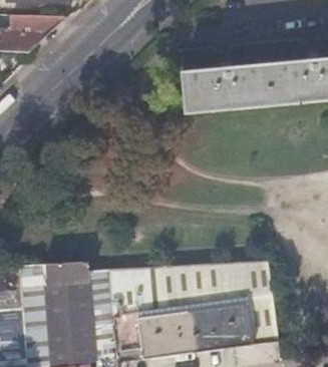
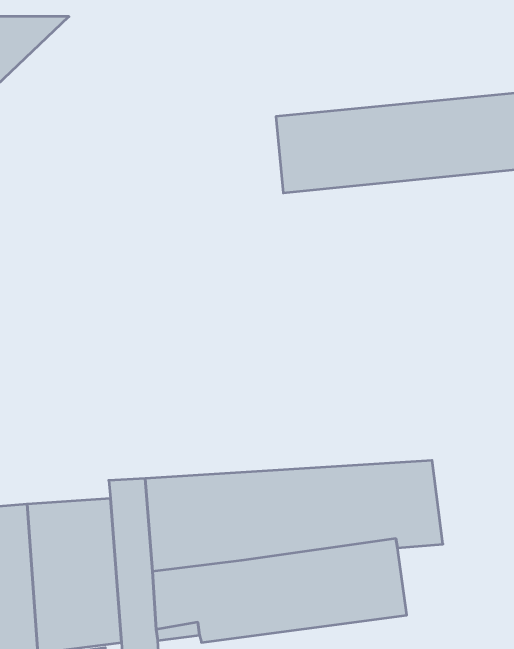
building: [43,261,90,284] -> none
building: [249,306,278,345] -> none

